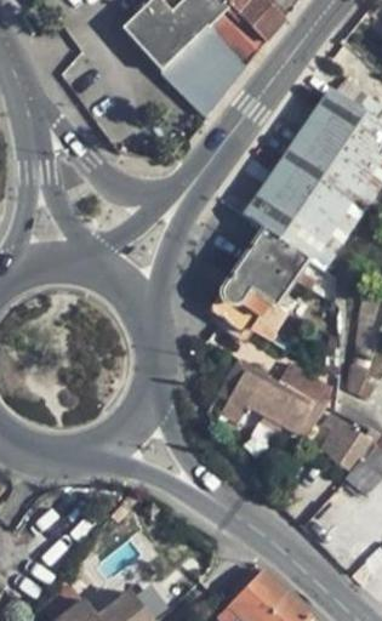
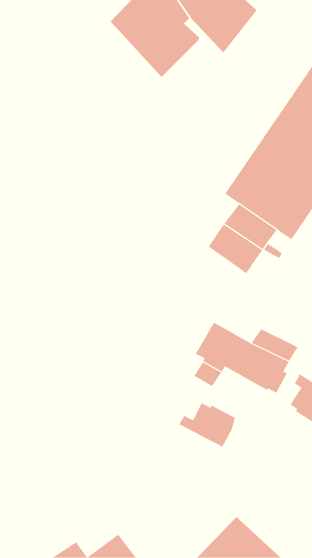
building: [179,39,247,116] -> none
building: [207,275,274,336] -> none
building: none -> [178,402,236,447]

